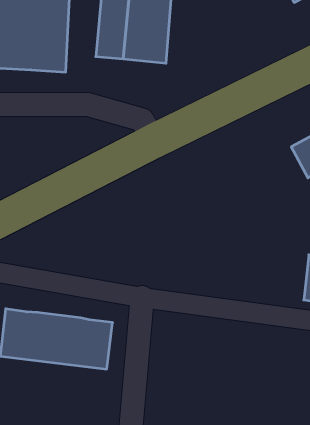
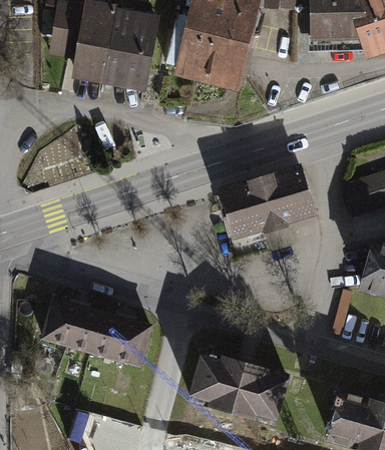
building: none -> [221,167,315,236]
building: none -> [192,354,285,422]

